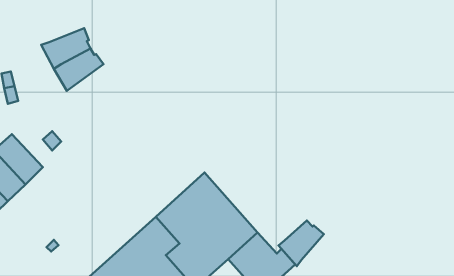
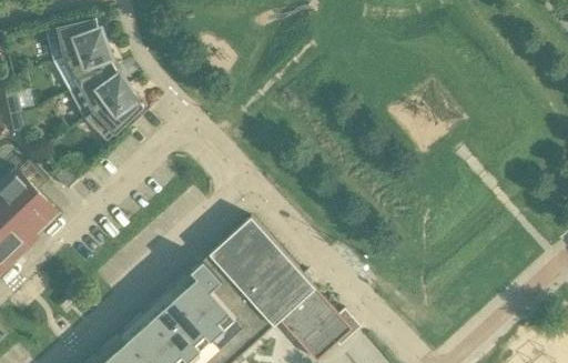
building: none -> [44,19,104,62]
building: none -> [83,85,142,142]
building: [278,220,324,266] -> none

